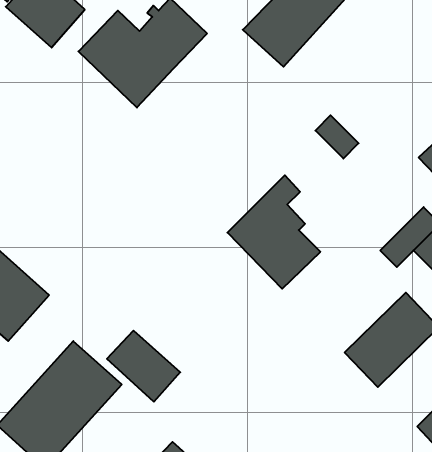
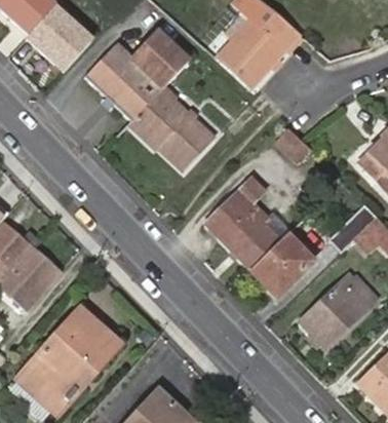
building: none -> [130,89,212,169]
building: none -> [249,229,313,295]
building: [107,331,180,402] -> none

